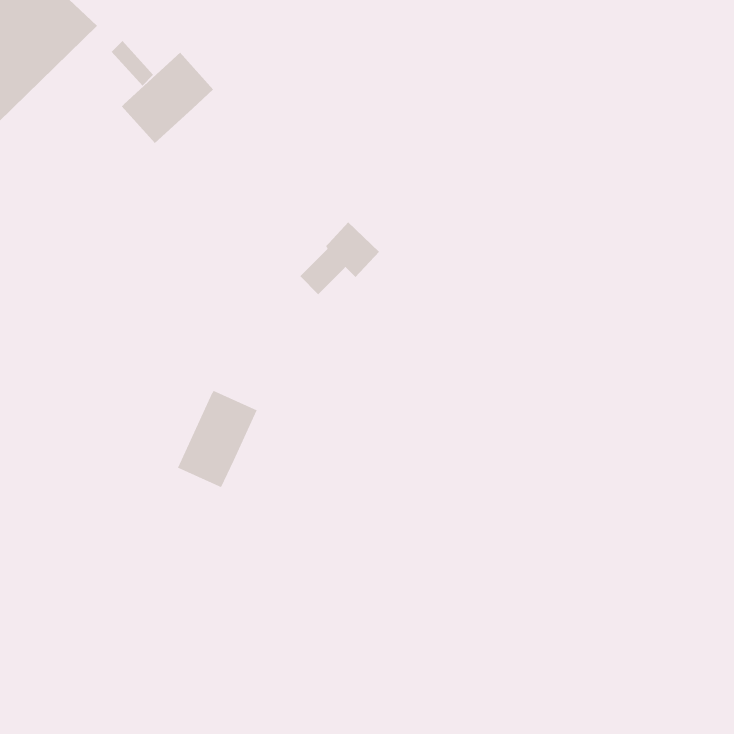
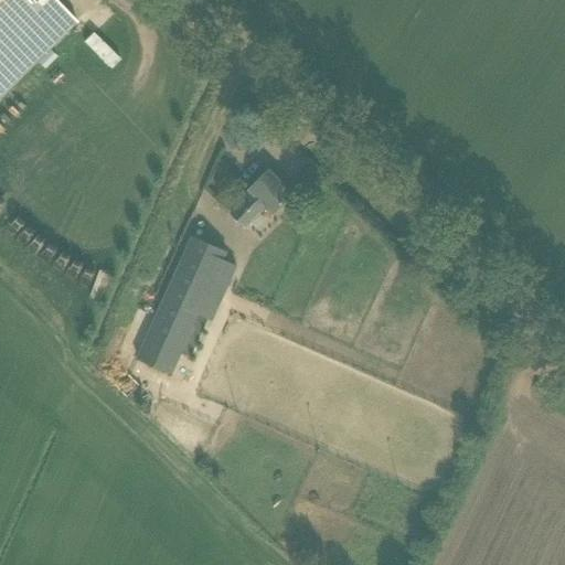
building: [121,52,214,144] -> none
building: none -> [163,236,235,320]

